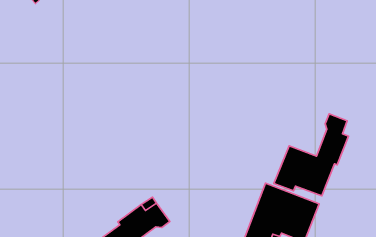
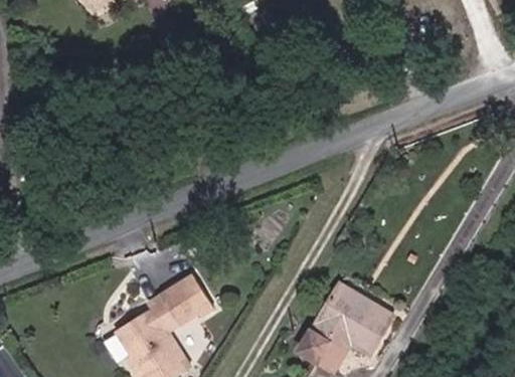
building: [274,114,348,196] -> none

